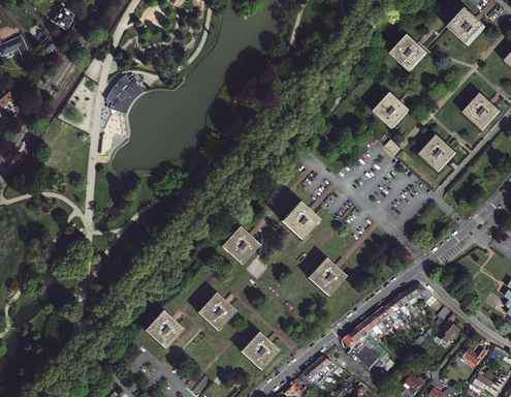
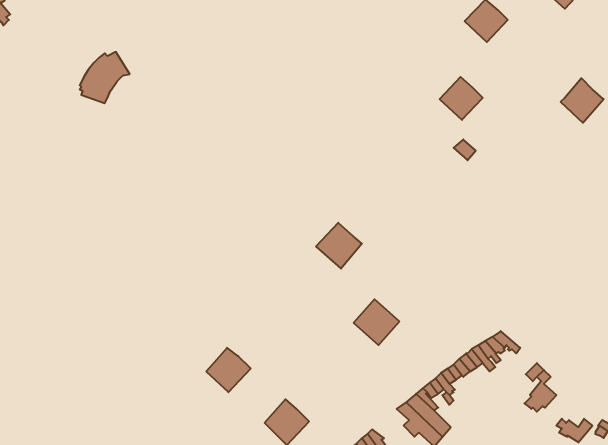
building: [419,135,452,167] -> none
building: [224,227,258,262] -> none
building: [147,312,181,346] -> none

